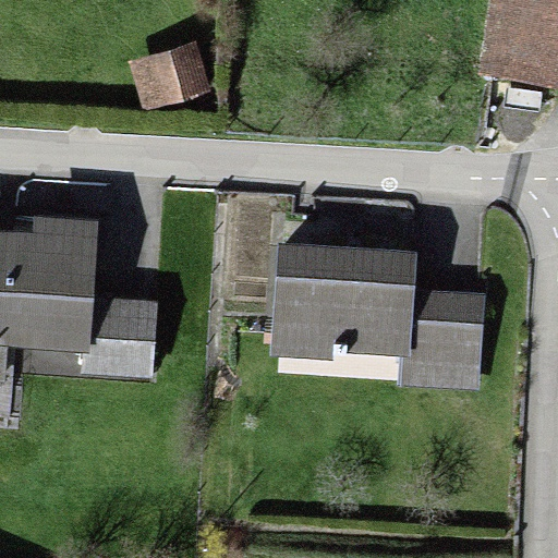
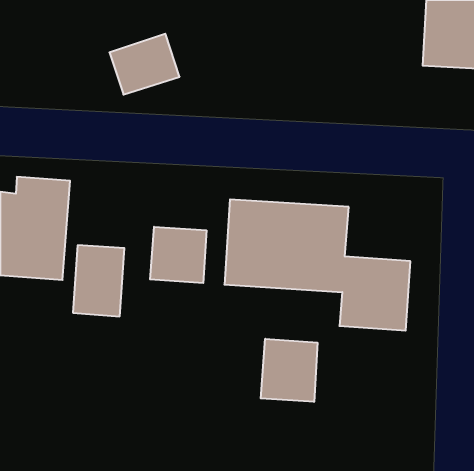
building: none -> [150,227,206,283]
building: none -> [261,339,317,402]

